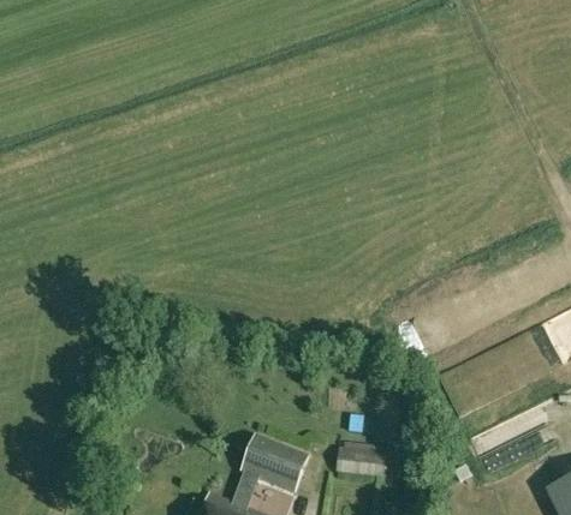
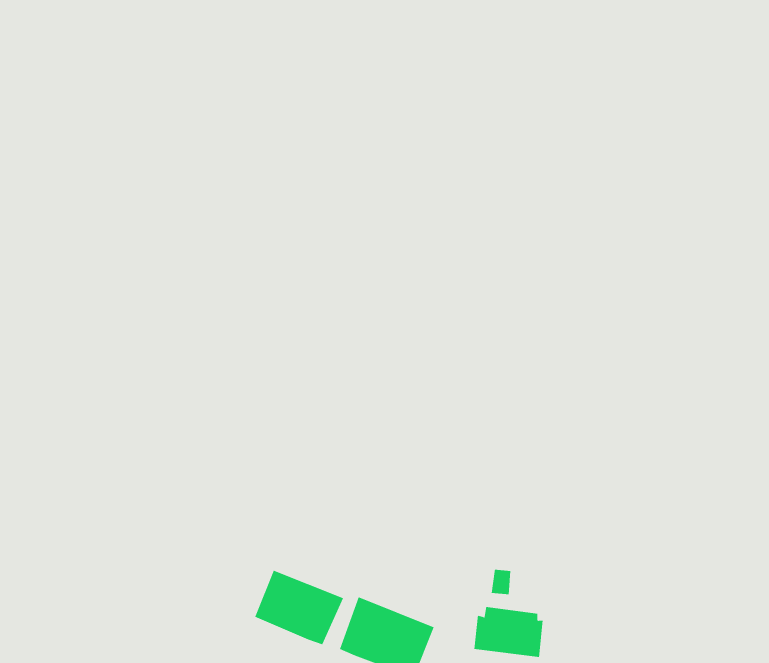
building: none -> [255,570,344,645]

